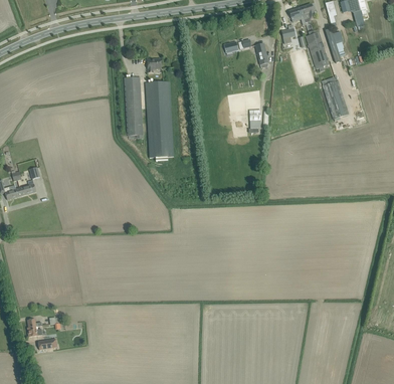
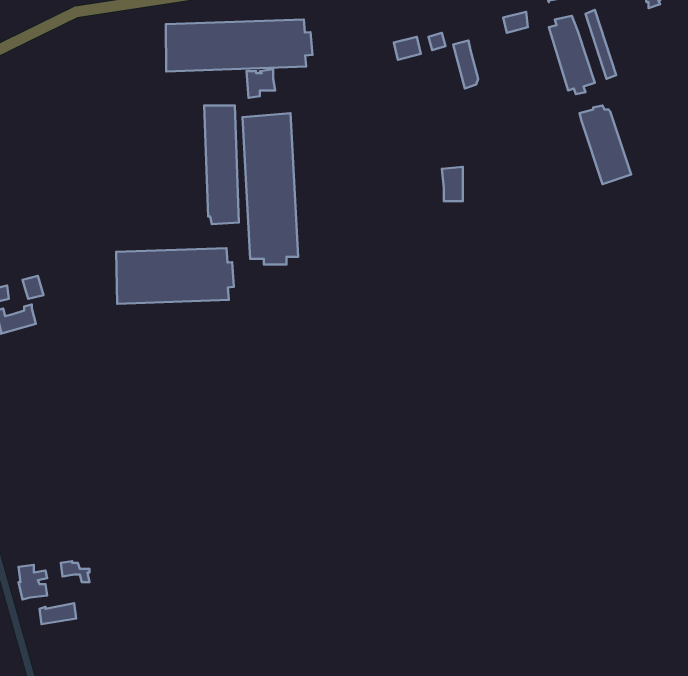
building: none -> [166,20,312,72]
building: none -> [116,248,234,304]

